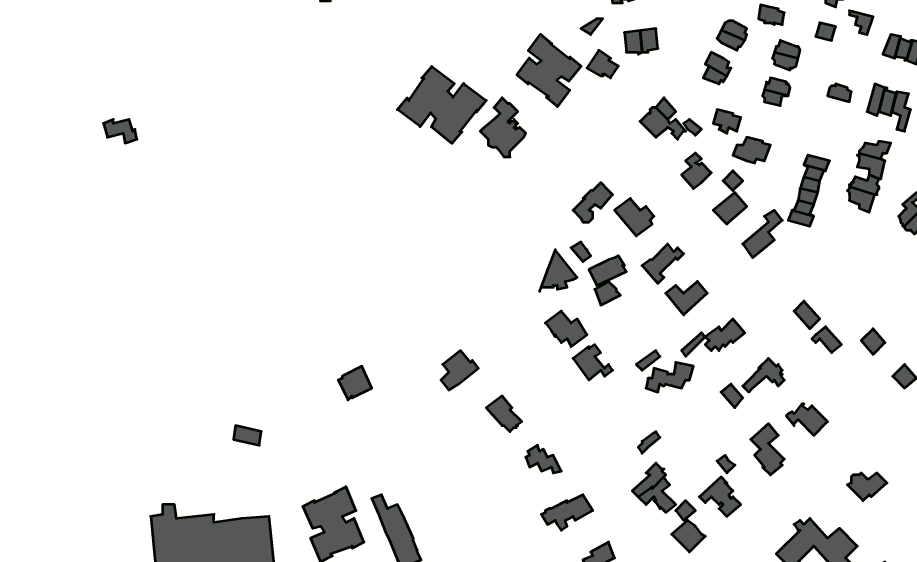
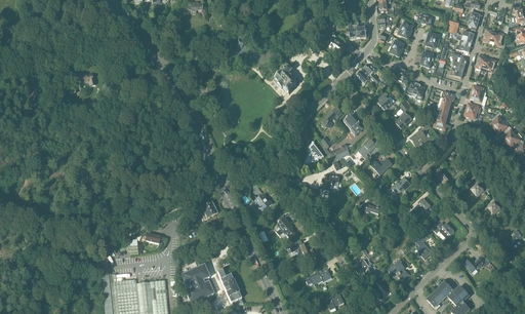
building: [517,34,581,107] -> none
building: [397,66,486,143] -> none

